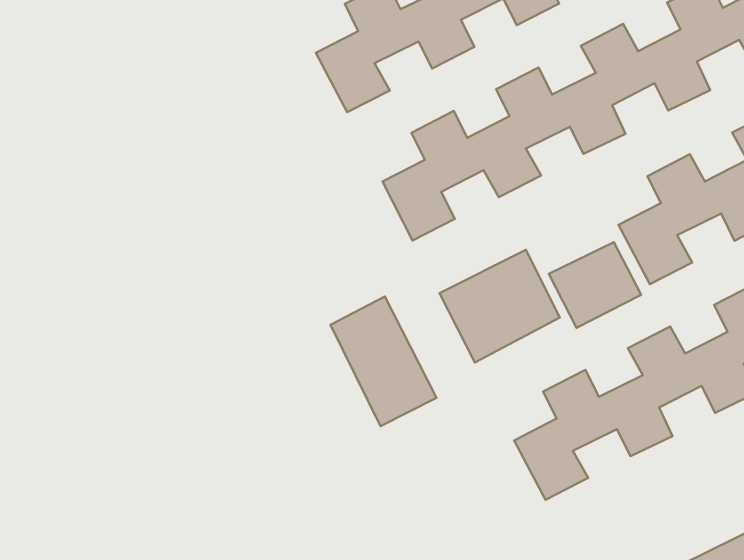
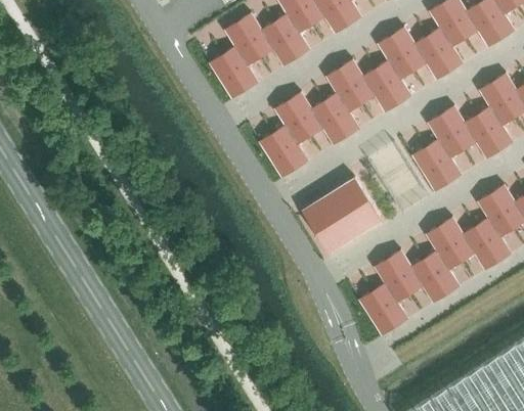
building: [549,242,641,328] -> none
building: [330,297,437,426] -> none

